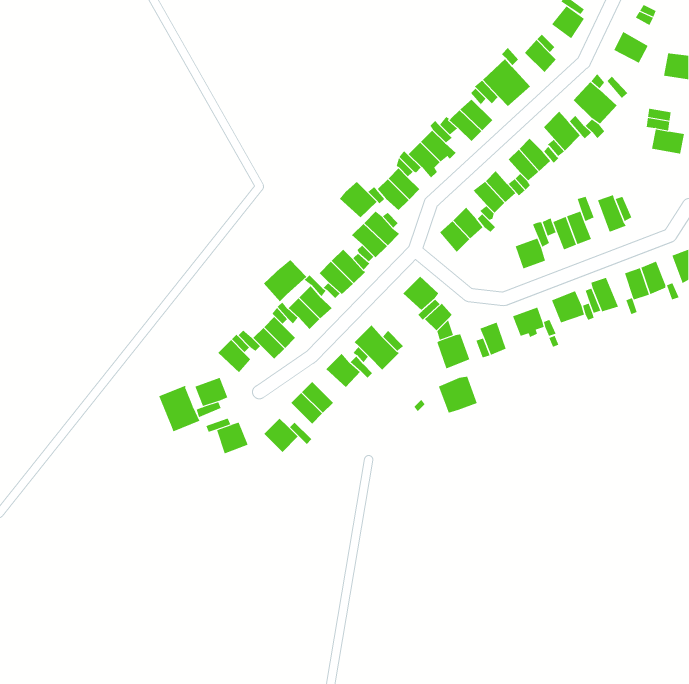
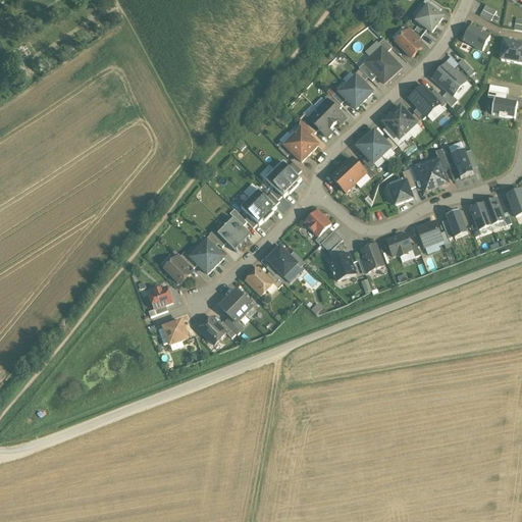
building: [339,181,377,218] -> none
building: [263,259,307,302] -> none
building: [438,376,478,414] -> none
building: [159,385,200,432] -> none

